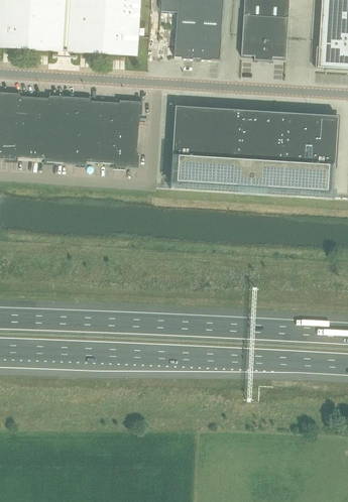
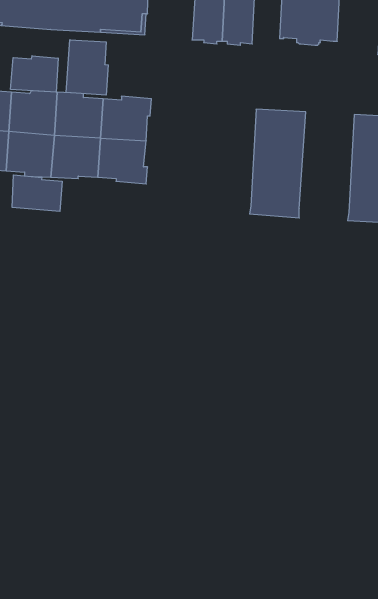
building: none -> [66,40,108,95]
building: none -> [11,56,58,92]
building: [169,107,223,191] -> none
building: [256,112,299,196] -> none
building: none -> [12,175,62,211]

